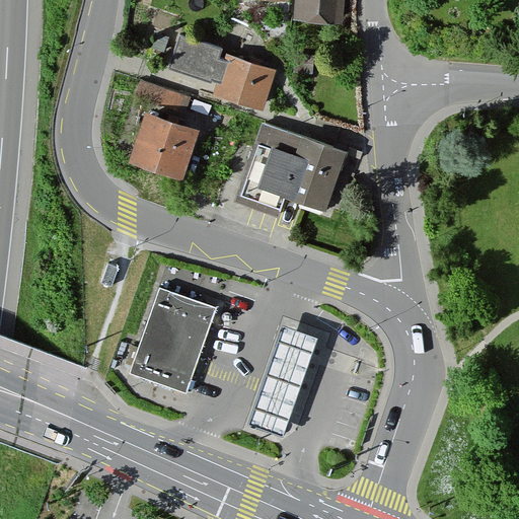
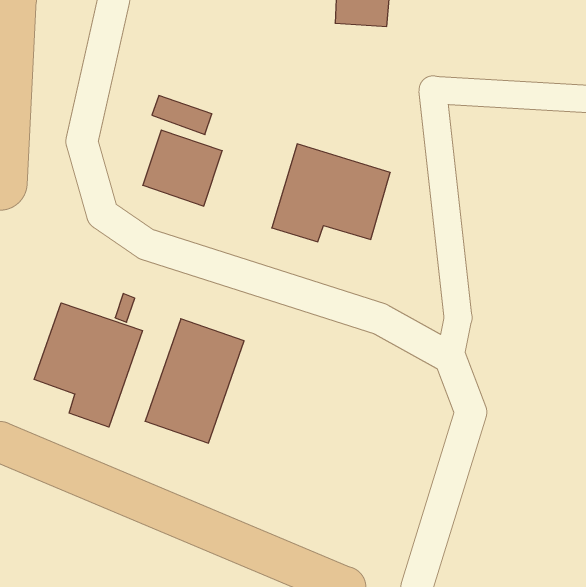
building: [170,39,277,113] -> none
building: none -> [34,303,143,427]
building: [245,323,319,438] -> none

